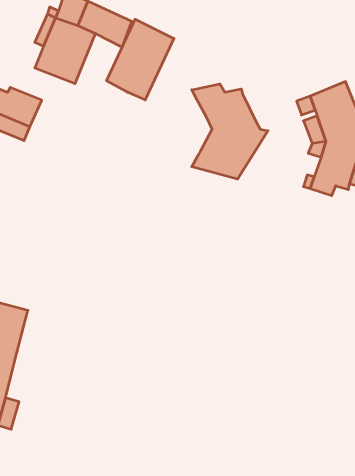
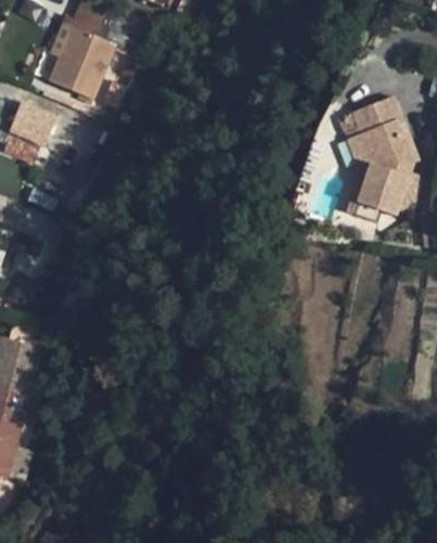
building: [107,19,174,100] -> none
building: [192,84,268,179] -> none

